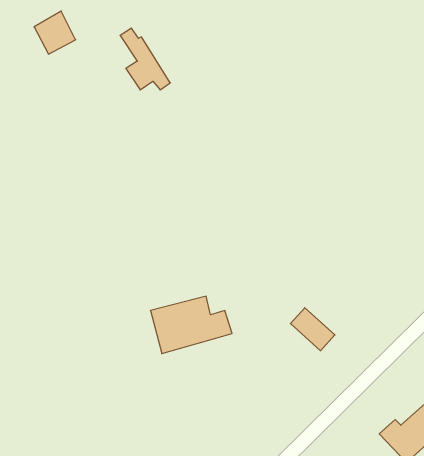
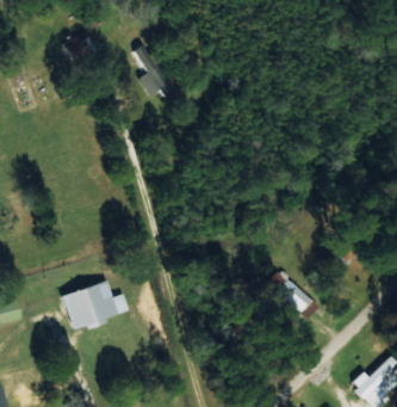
building: [150,296,232,354] -> [62,282,130,329]

